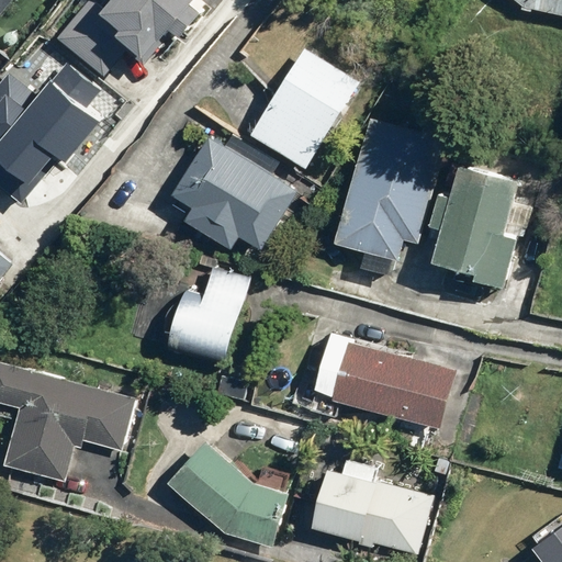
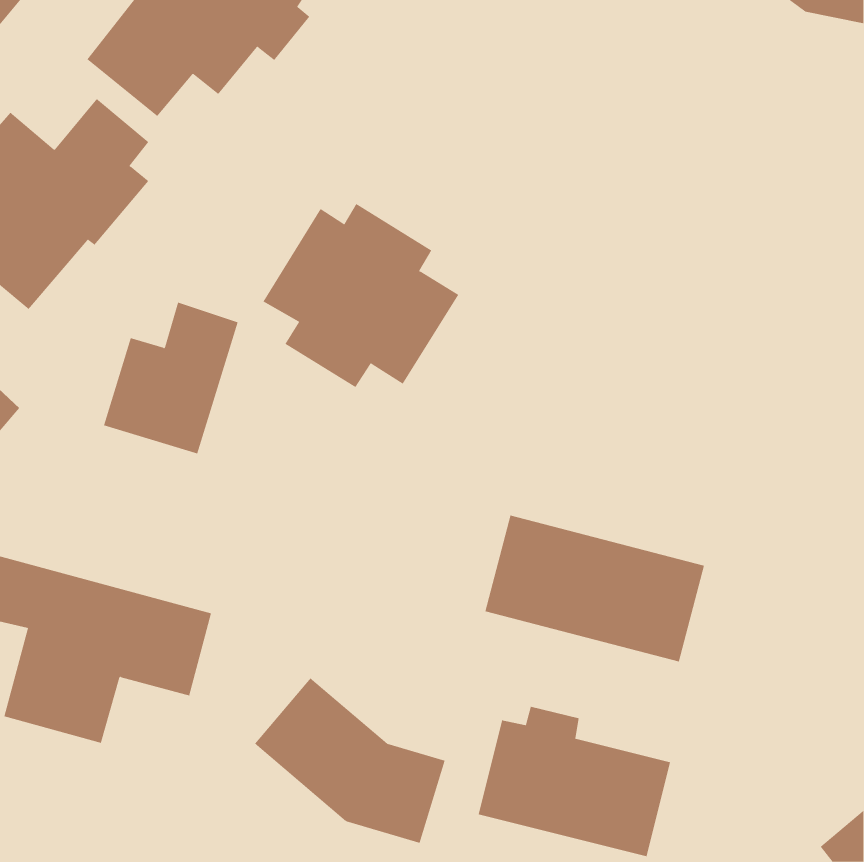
building: [249,47,359,169] -> none
building: [331,116,449,262] -> none
building: [430,165,532,291] -> none
building: [165,263,252,362] -> [103,302,239,454]

